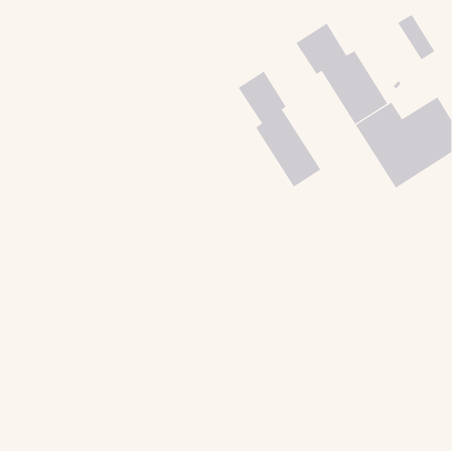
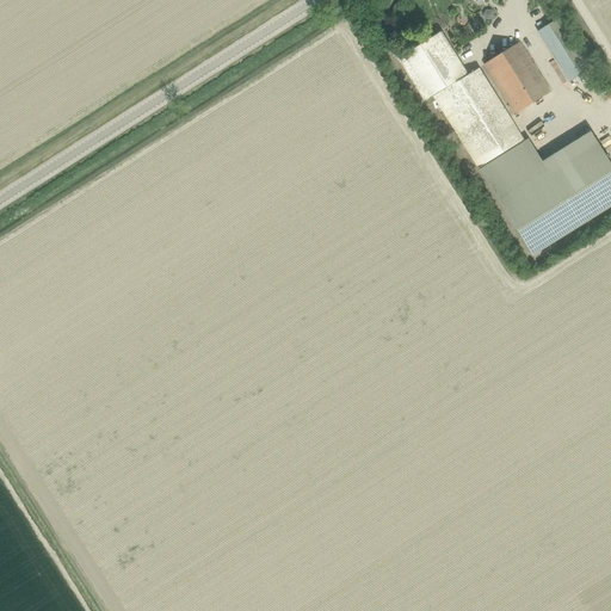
building: none -> [485,42,550,113]
building: [238,70,321,187] -> none

